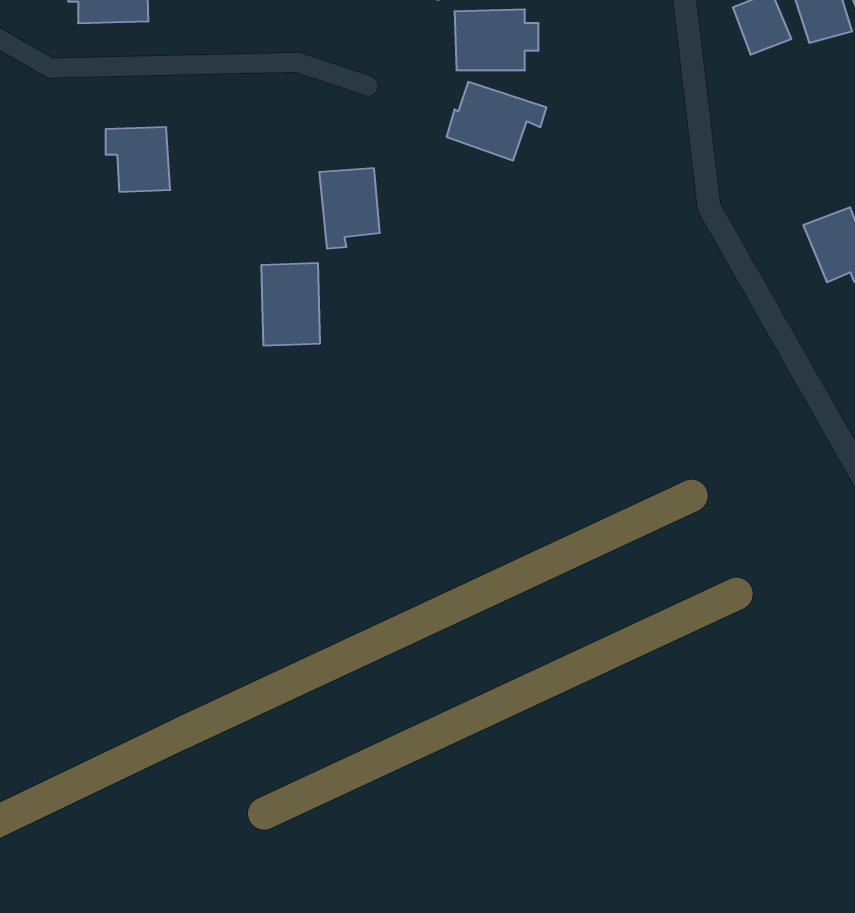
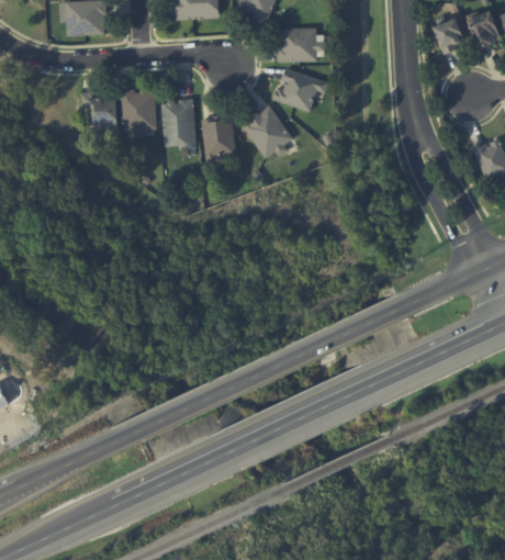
building: none -> [122,90,157,136]
building: none -> [243,105,293,160]
building: [261,263,320,345] -> [162,100,195,146]

